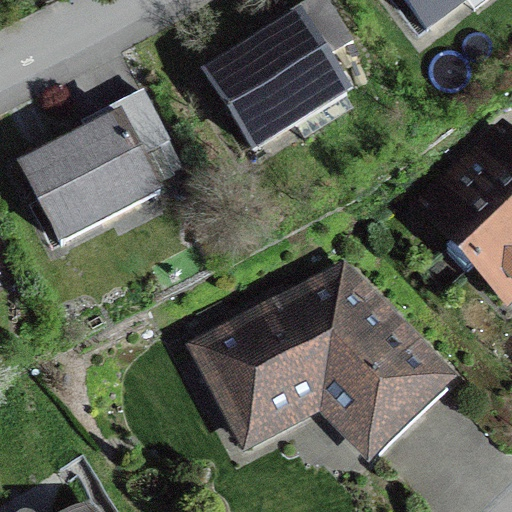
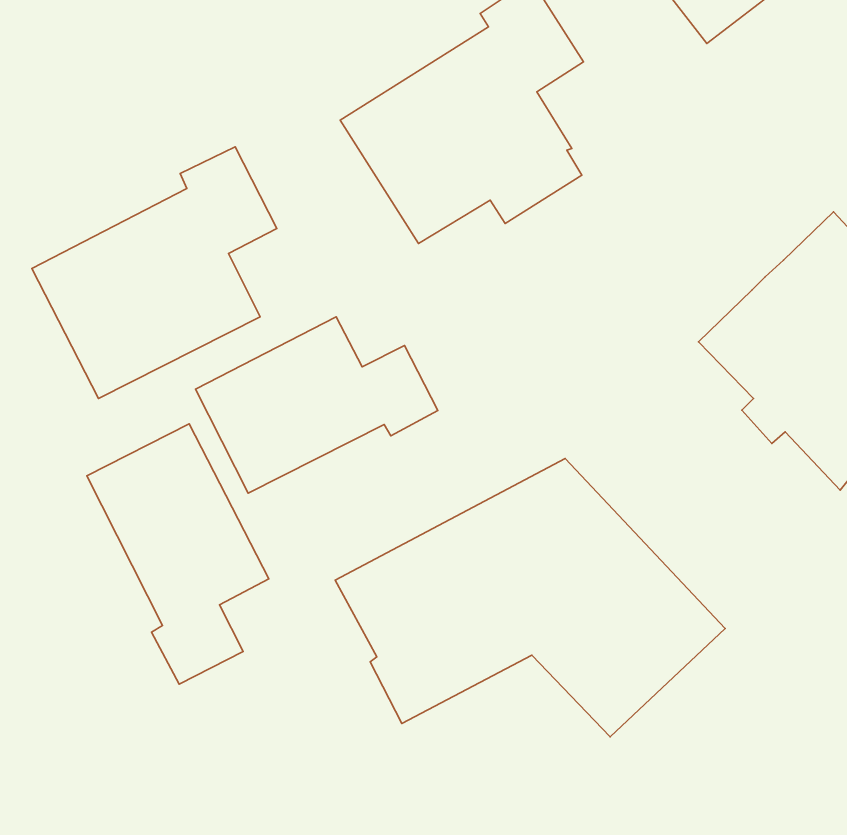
building: none -> [195,317,438,493]
building: none -> [87,424,269,684]

